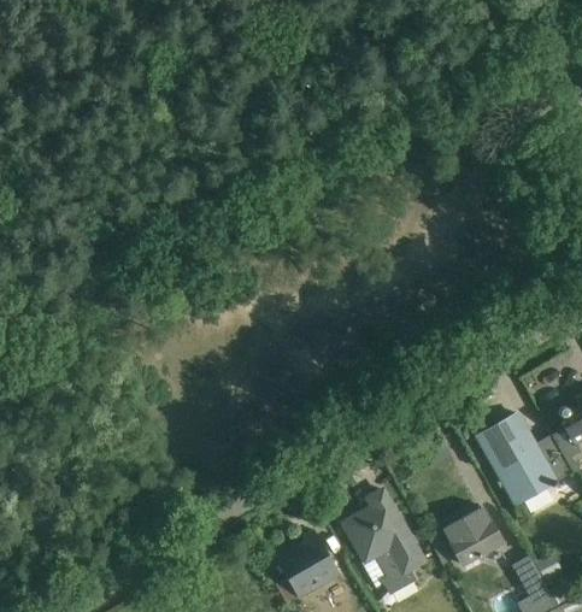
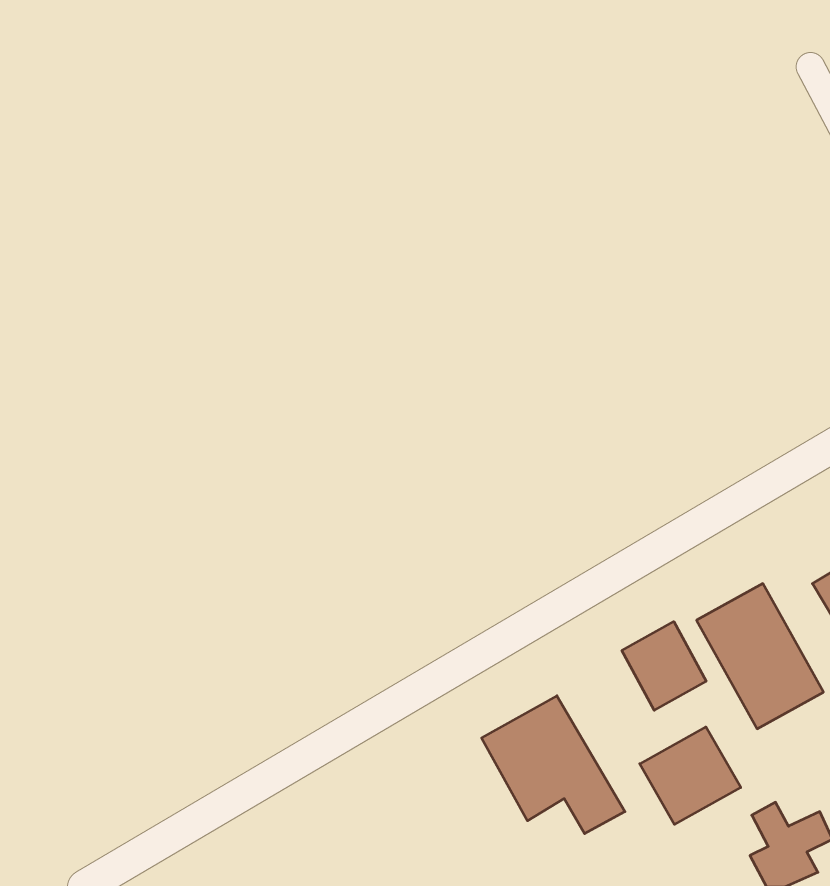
building: none -> [622,622,706,710]
building: [275,535,340,600] -> none

